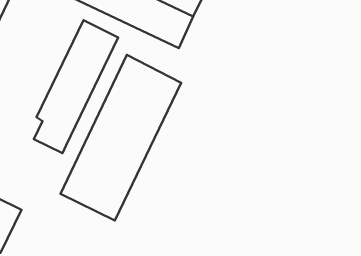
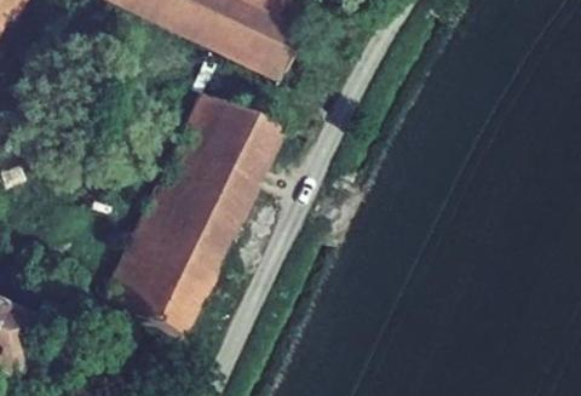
building: [34,20,118,153] -> none

